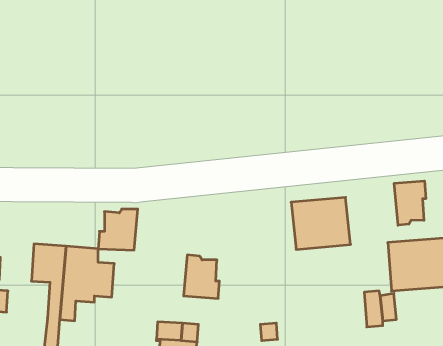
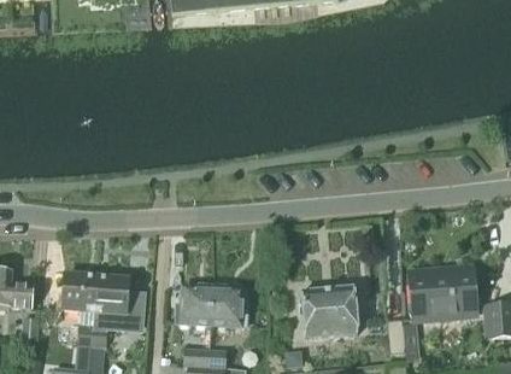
building: [394,181,426,225] -> none
building: [291,197,351,249] -> [300,286,358,337]
building: [98,209,138,250] -> [176,284,215,323]

